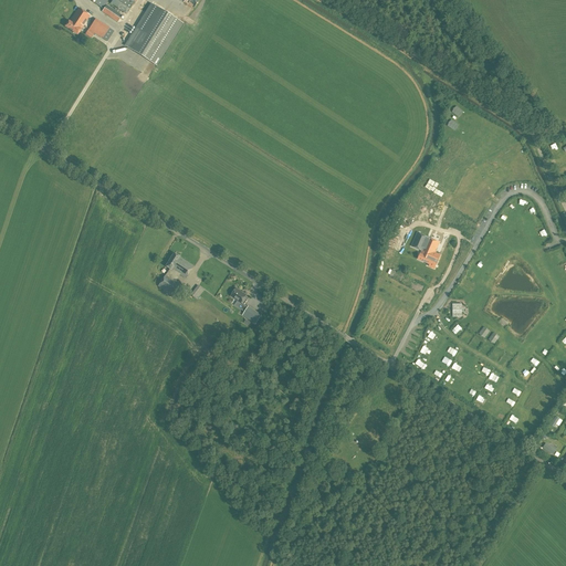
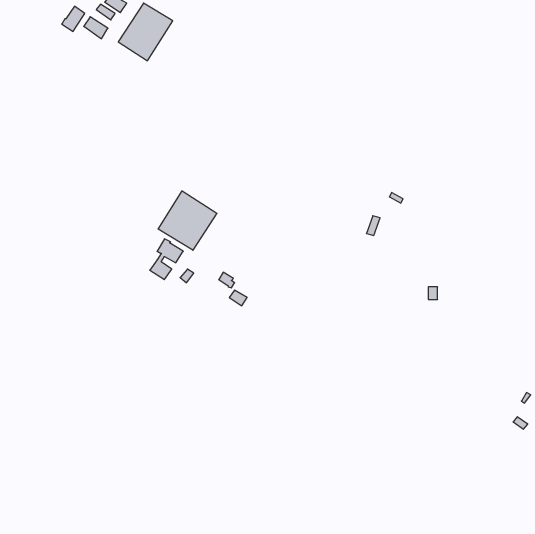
building: none -> [158,191,217,250]
building: [411,231,440,268] -> none

